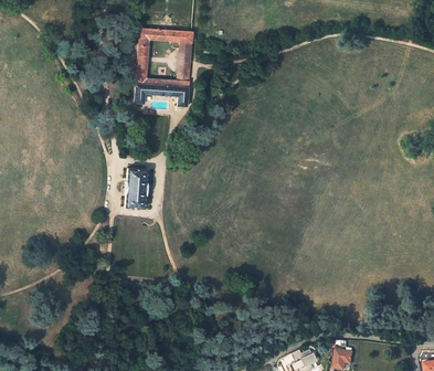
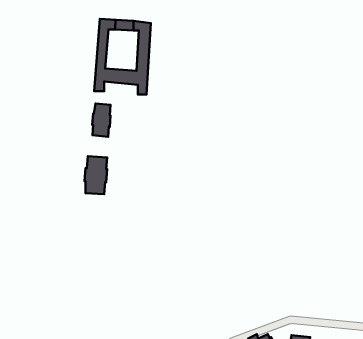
building: none -> [92,103,111,137]

